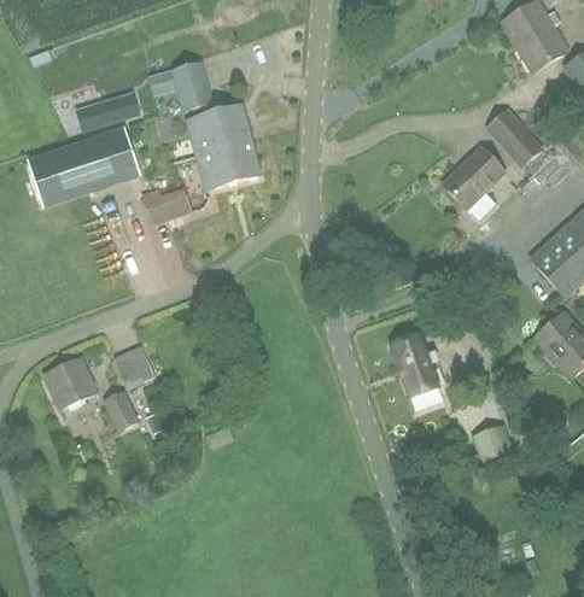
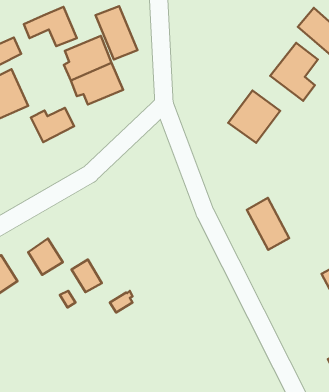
building: none -> [96,6,137,59]
building: none -> [228,90,280,143]
building: [104,388,139,428] -> [72,259,102,292]

